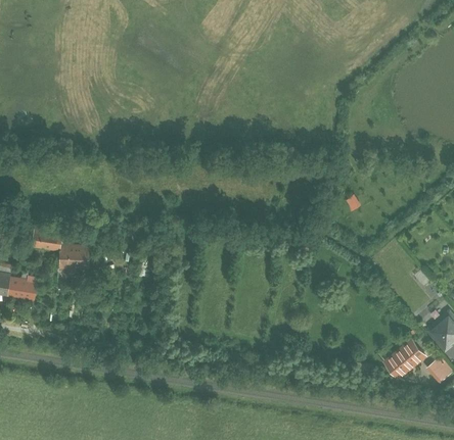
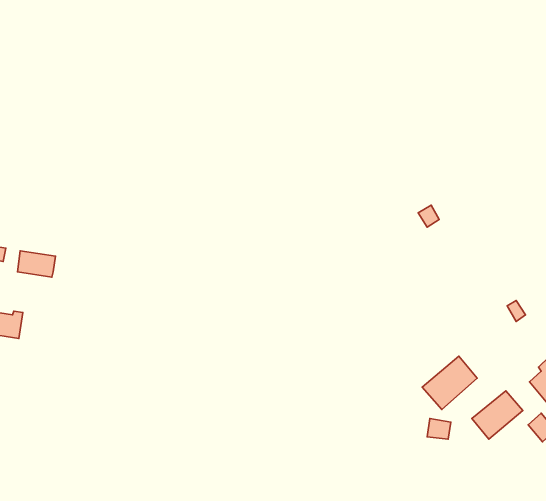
building: [57,247,86,268] -> none
building: none -> [422,356,477,410]

